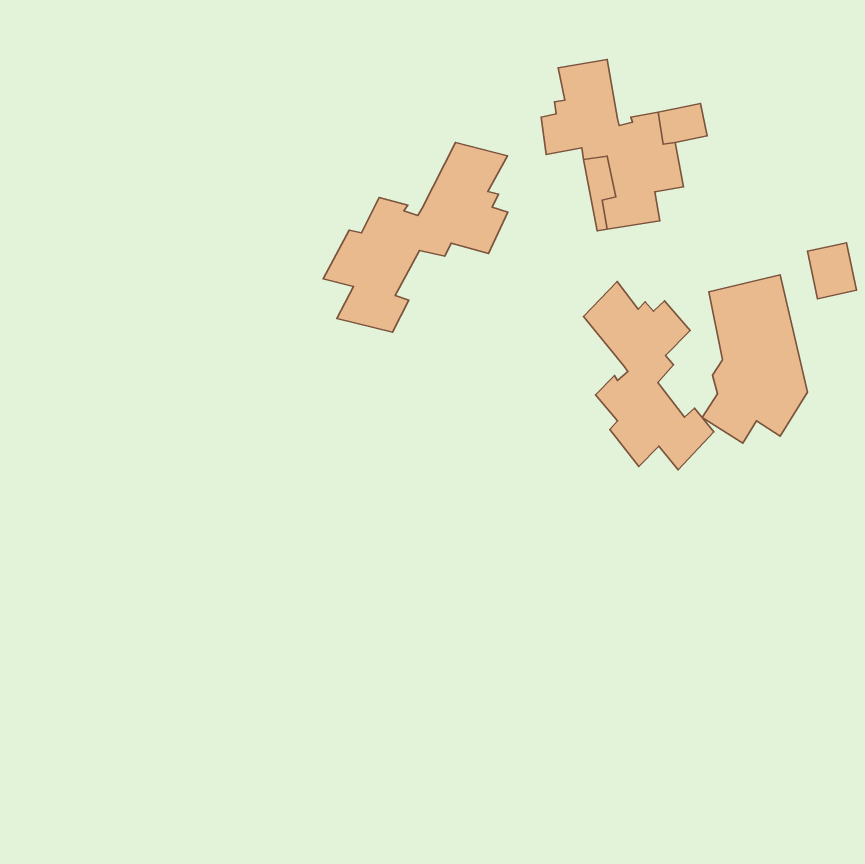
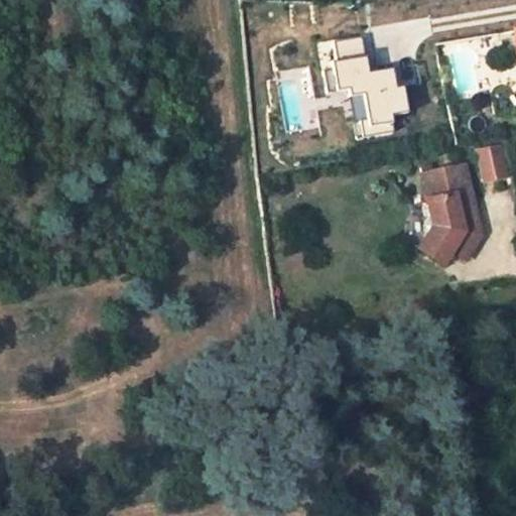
building: [323,143,508,332] -> none
building: [583,282,714,470] -> none

